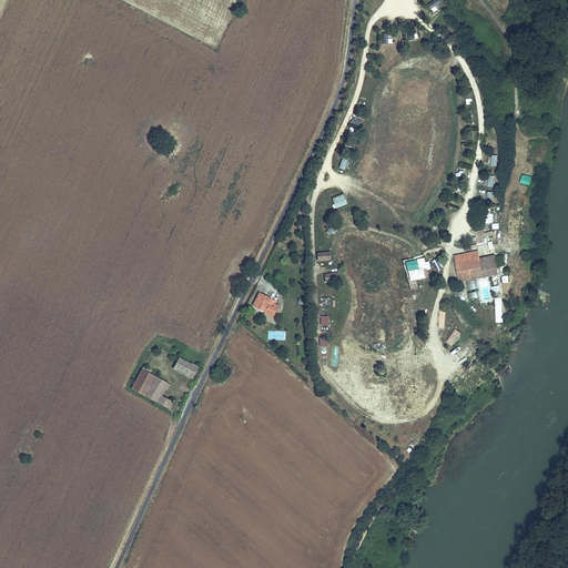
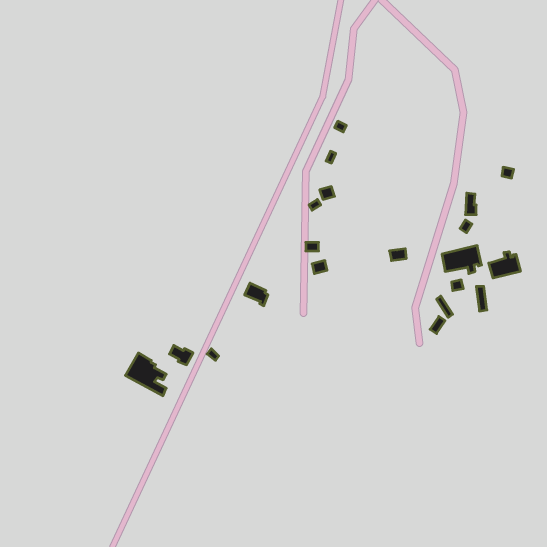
building: none -> [489,252,520,278]

